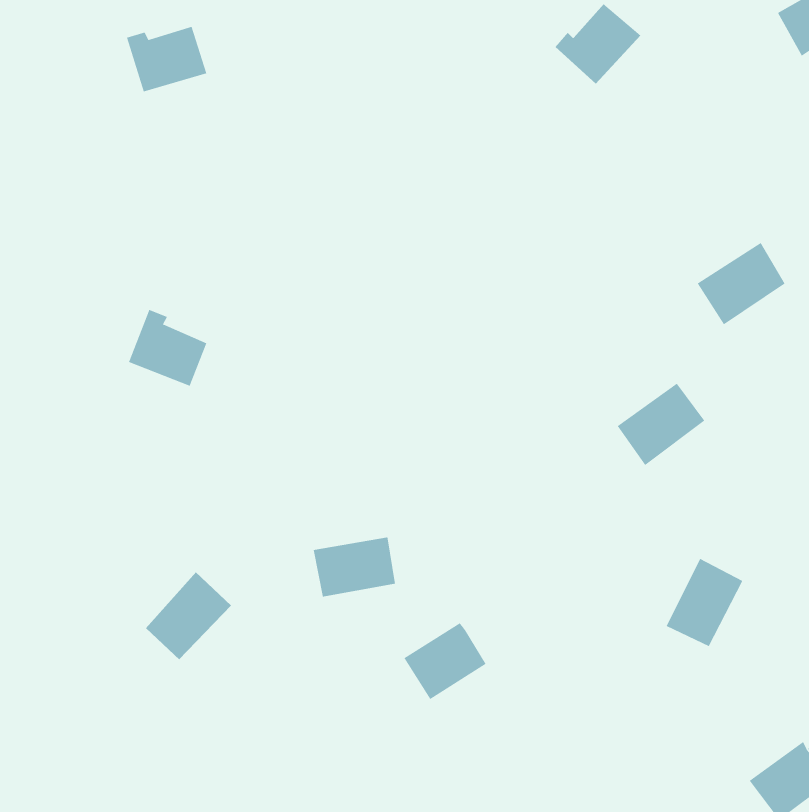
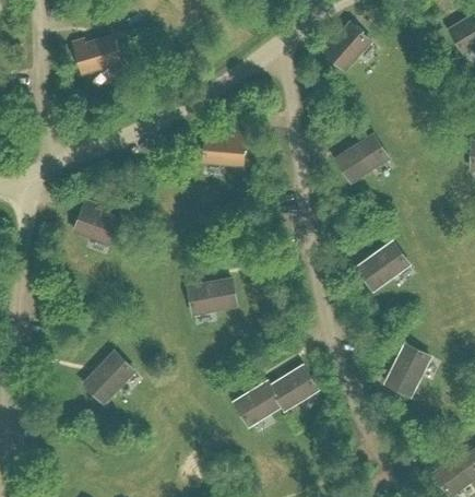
building: none -> [204,132,245,166]
building: [697,242,786,325] -> [336,134,388,182]
building: [313,537,396,597] -> [188,279,236,313]
building: none -> [270,366,317,410]

